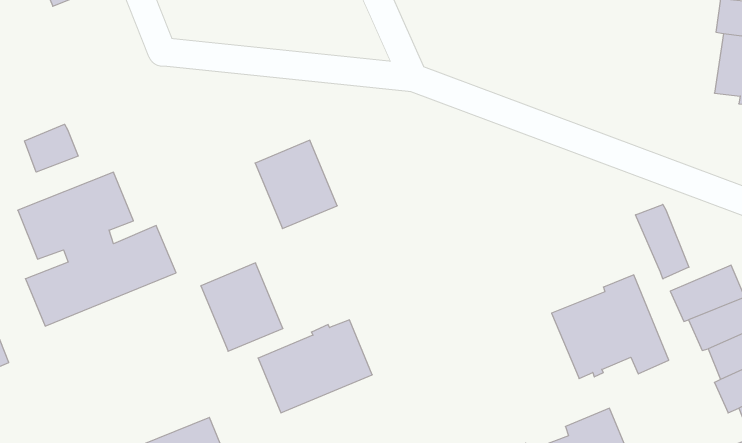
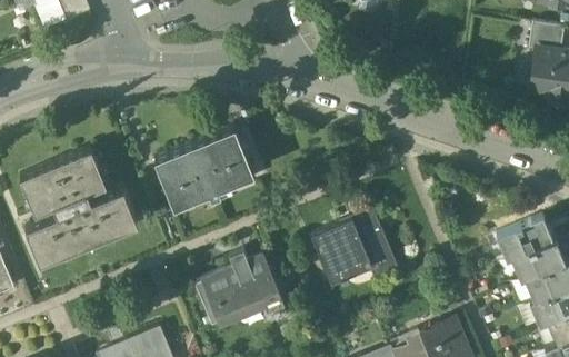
building: [25,124,78,172] -> none
building: [636,204,689,279] -> none
building: [201,263,283,351] -> [153,143,213,208]
building: [552,275,669,379] -> [311,208,397,284]

